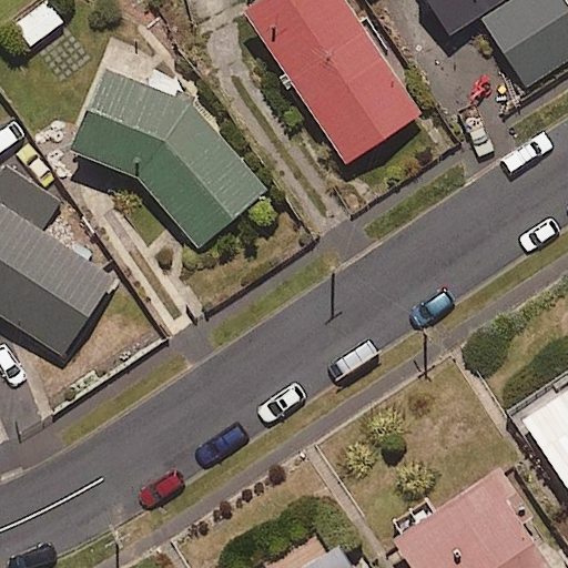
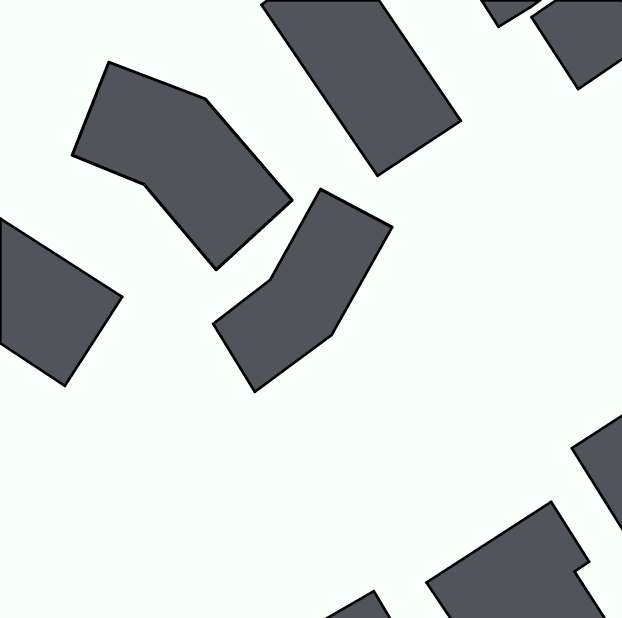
building: none -> [213,189,392,392]

